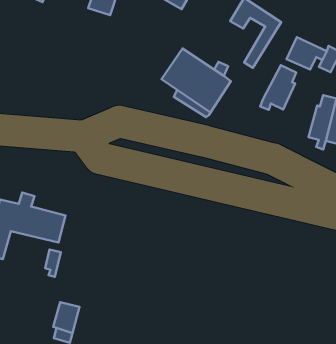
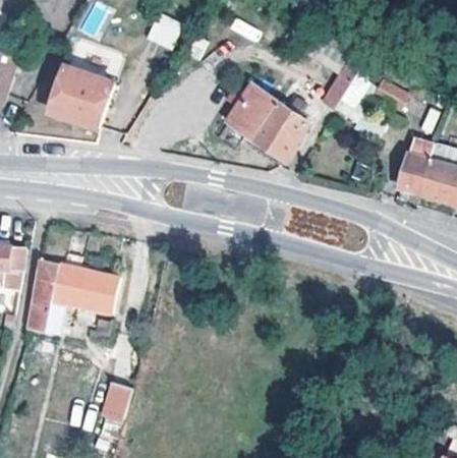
building: none -> [49,65,114,126]
building: [260,65,296,110] -> none

